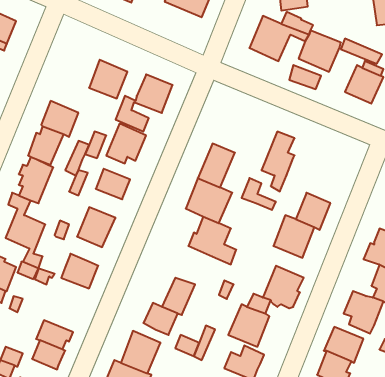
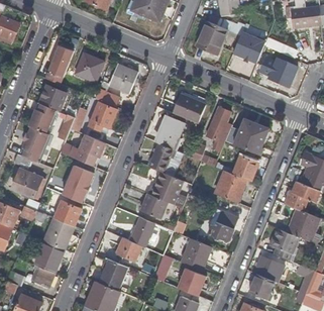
building: none -> [44,45,72,84]
building: none -> [172,94,205,122]
building: none -> [224,119,267,154]
building: none -> [139,193,168,219]
building: none -> [42,218,74,249]

